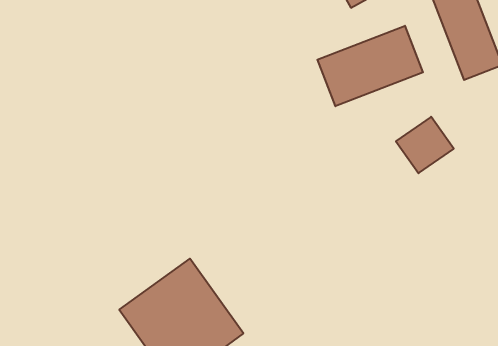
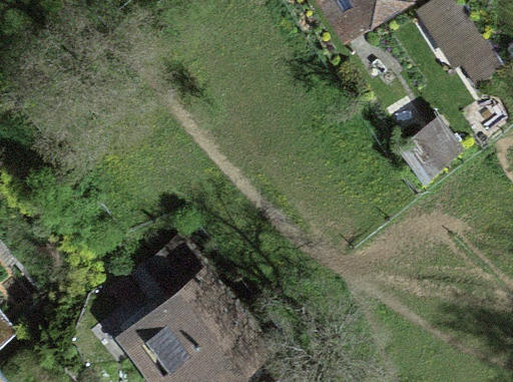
building: [317,26,423,106] -> none

